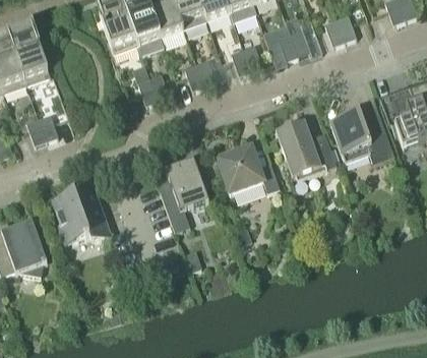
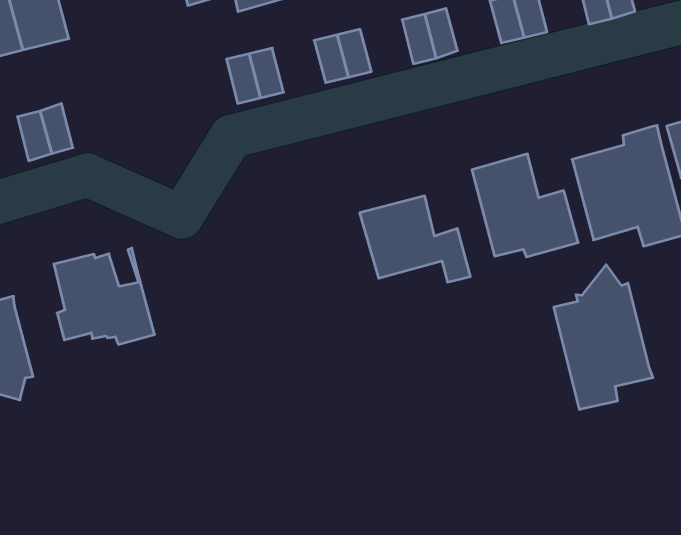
building: [159,158,207,231] -> none
building: none -> [554,265,653,410]

